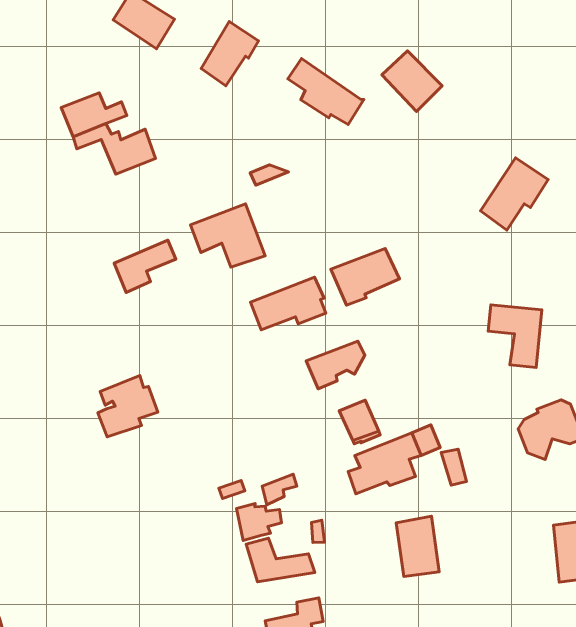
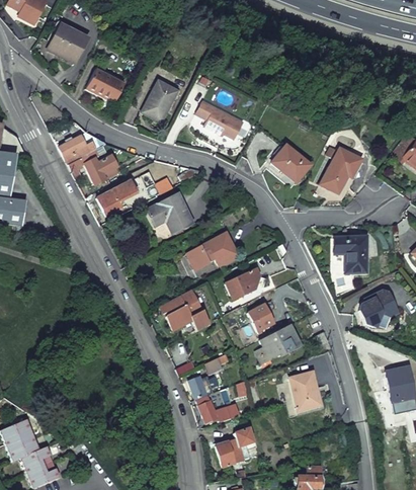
building: [382,51,442,112] -> [272,145,310,181]
building: [114,240,176,292] -> [97,180,135,215]
building: [331,248,399,305] -> none
building: [98,376,158,437] -> [166,291,202,330]

